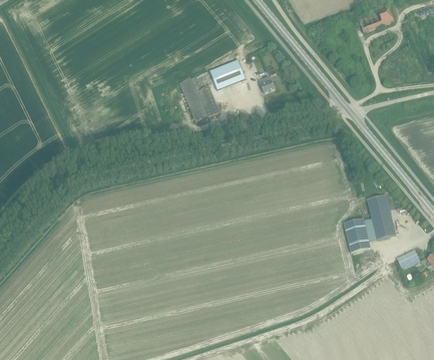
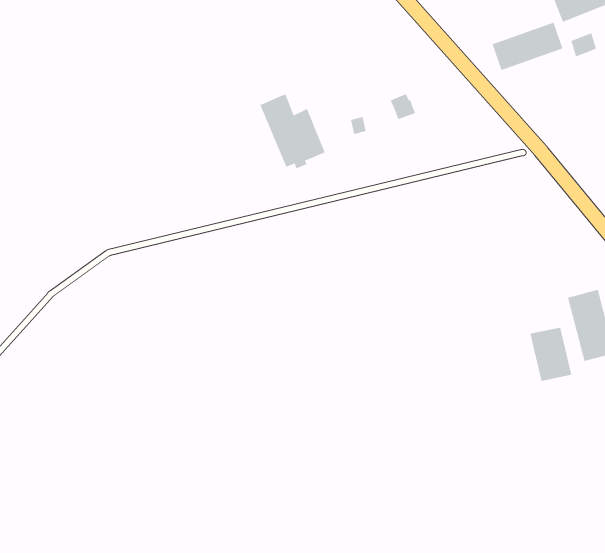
building: none -> [492,22,563,71]
building: [209,59,246,89] -> none

